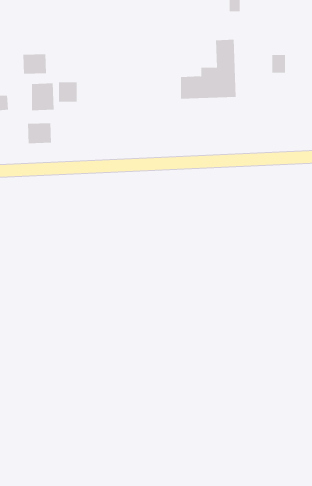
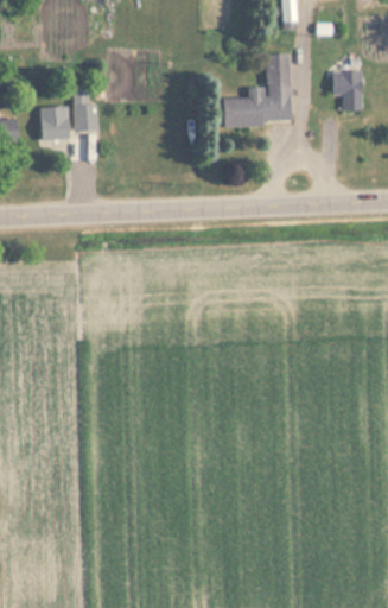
building: [23,53,47,75] -> none
building: [28,122,52,144] -> none

